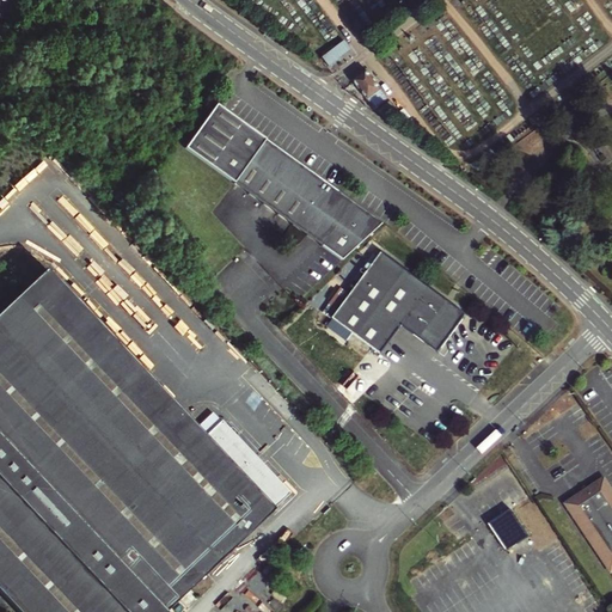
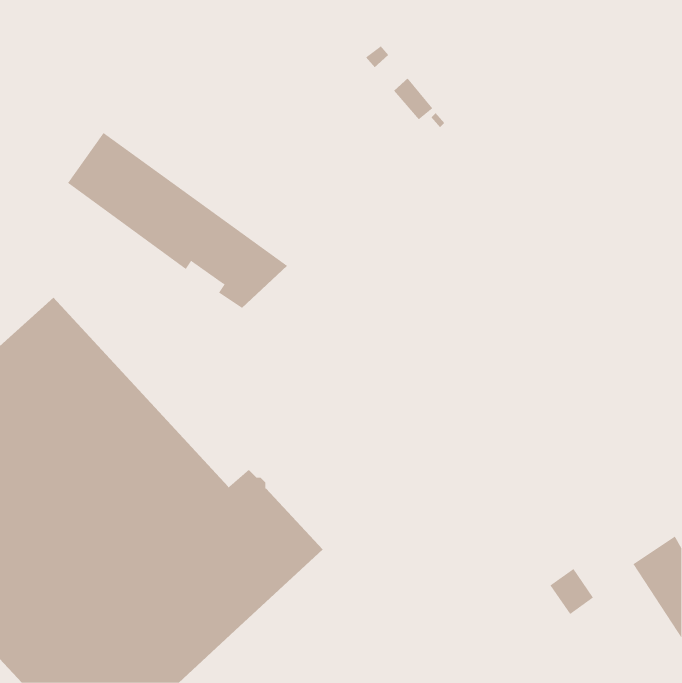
building: [185,104,382,262] -> [67,132,288,309]
building: [333,255,465,355] -> none

